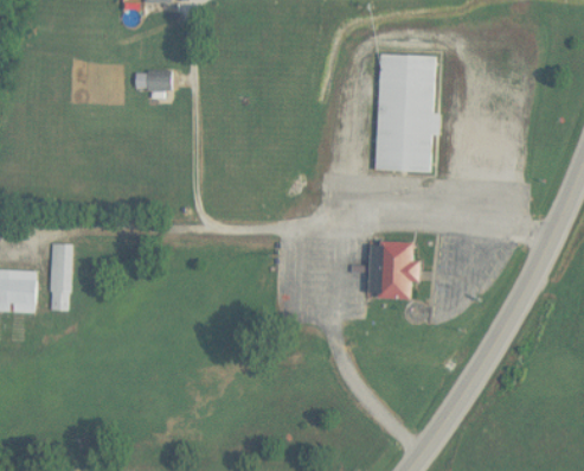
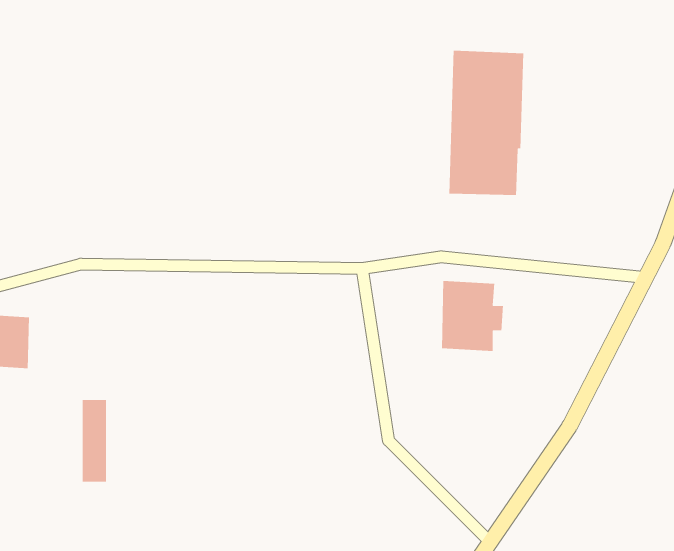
building: [134,70,171,90] -> none
building: [50,243,70,311] -> [82,399,107,482]

